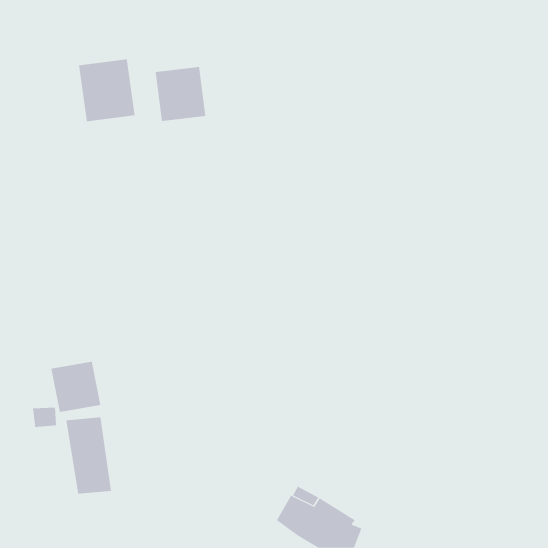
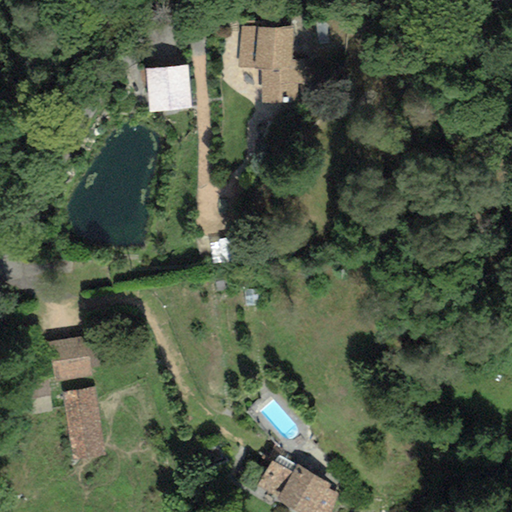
building: none -> [238,25,303,102]
building: [78,58,135,122] -> none

